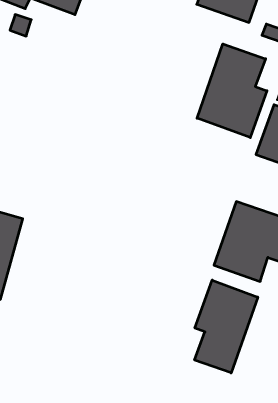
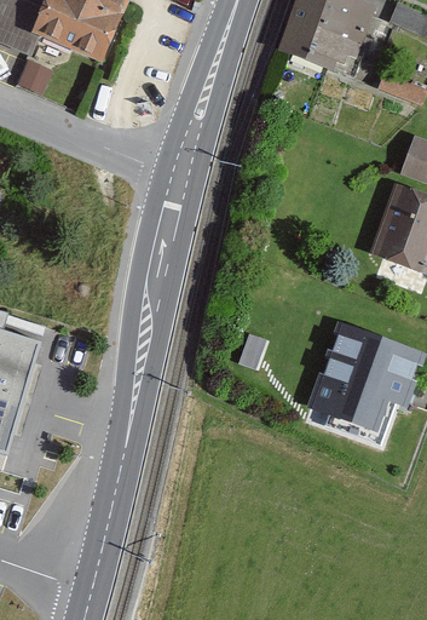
building: [197,44,267,138] -> none
building: [195,280,258,373] -> none

